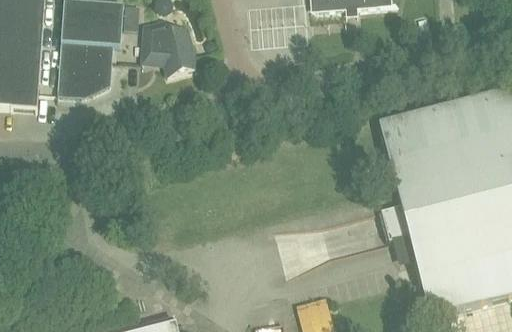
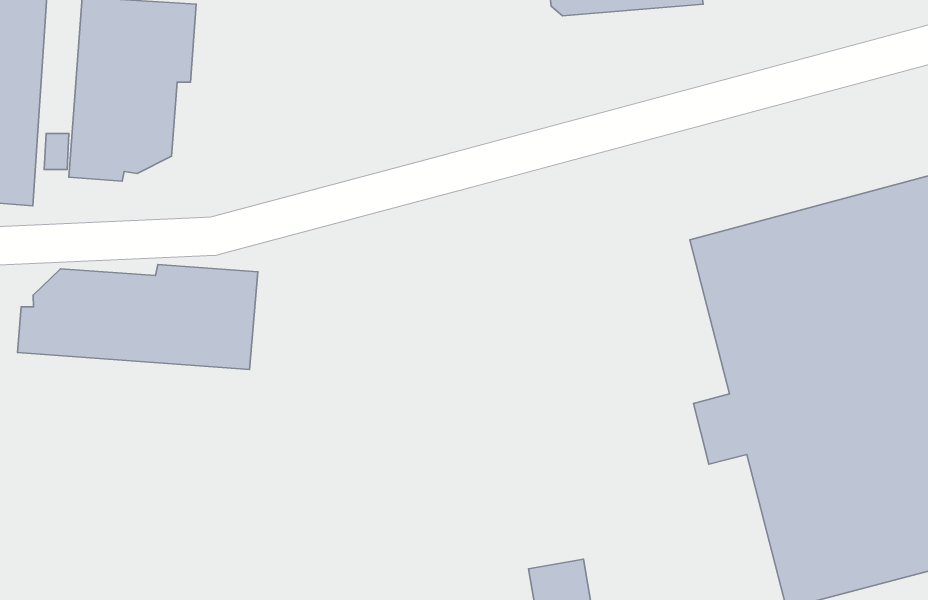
building: [142,23,197,76] -> none
building: none -> [18,264,258,370]

